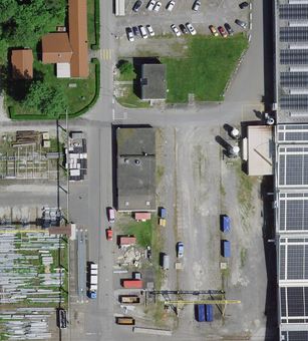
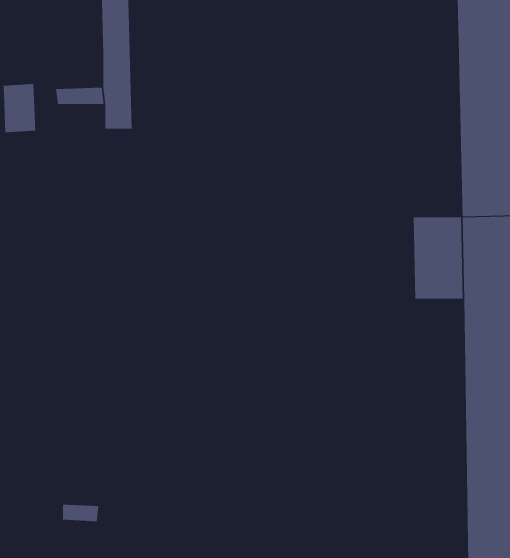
building: [43,33,70,53] -> none
building: [142,65,165,99] -> none
building: [118,129,156,209] -> none

